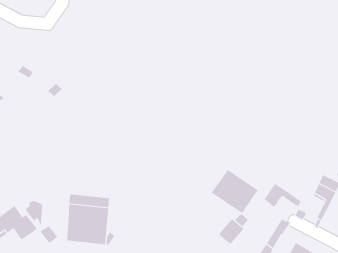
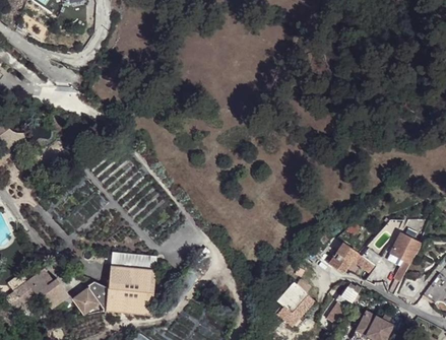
building: [211,169,259,214] -> none
building: [25,200,43,225] -> [83,281,105,310]

